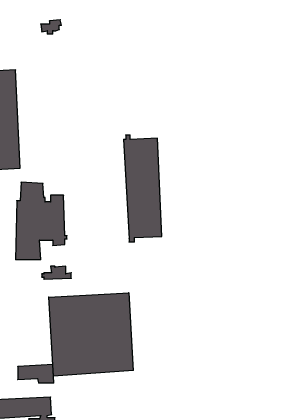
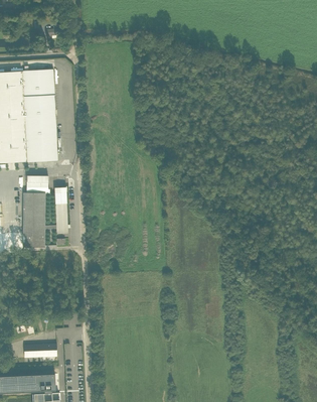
building: [124,135,162,242] -> [20,66,55,165]
building: [49,293,133,376] -> none

